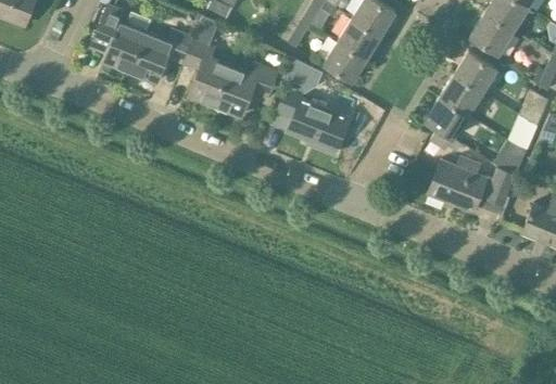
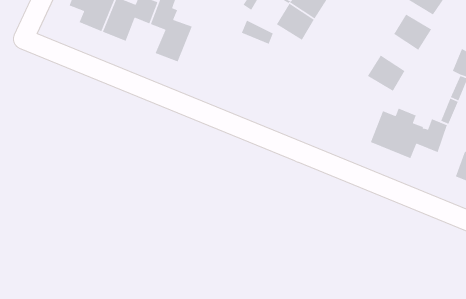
building: [215,65,278,117] -> none
building: [440,75,482,116] -> none
building: [277,88,350,155] -> none

